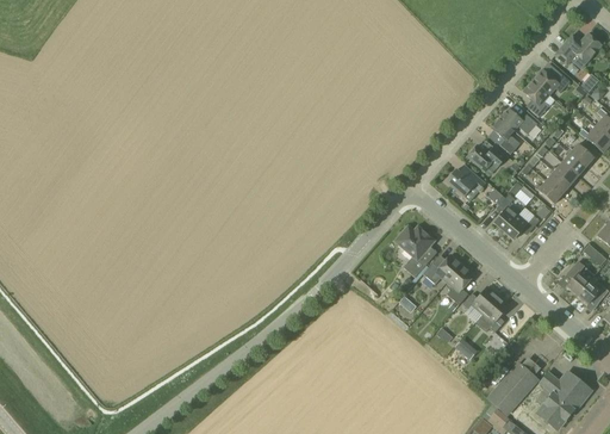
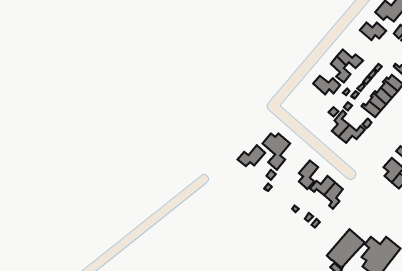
building: [523,81,549,119] -> none
building: [446,169,485,197] -> none
building: [423,254,462,284] -> [237,145,265,166]

